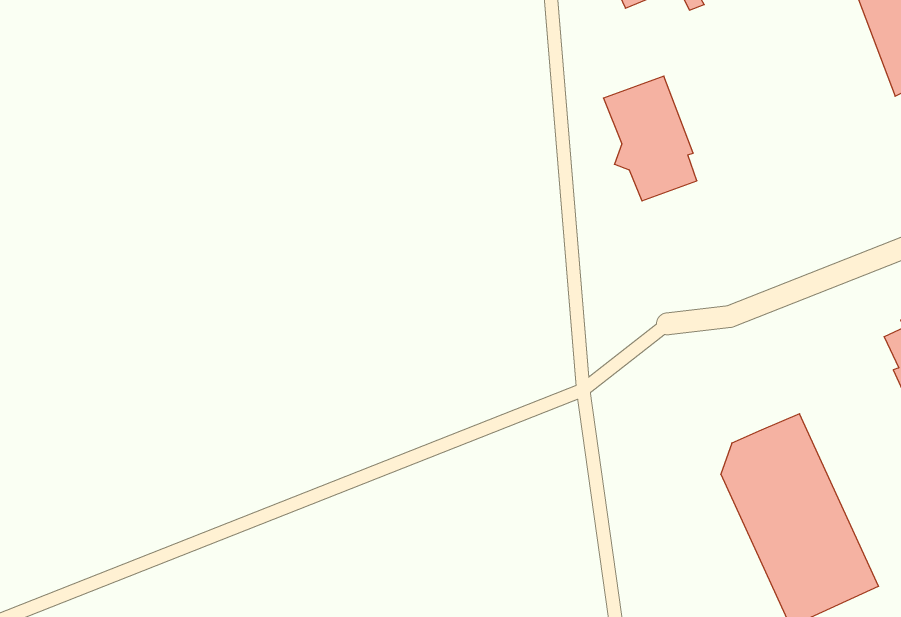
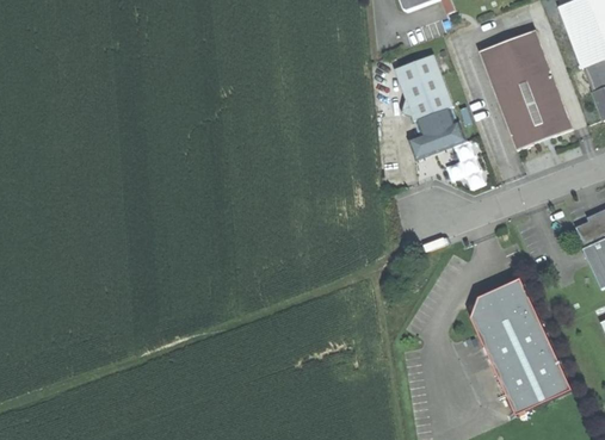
building: none -> [480,31,572,149]
building: none -> [407,122,464,161]

